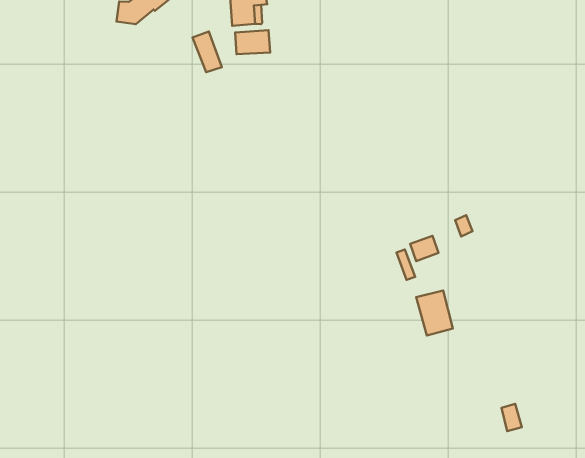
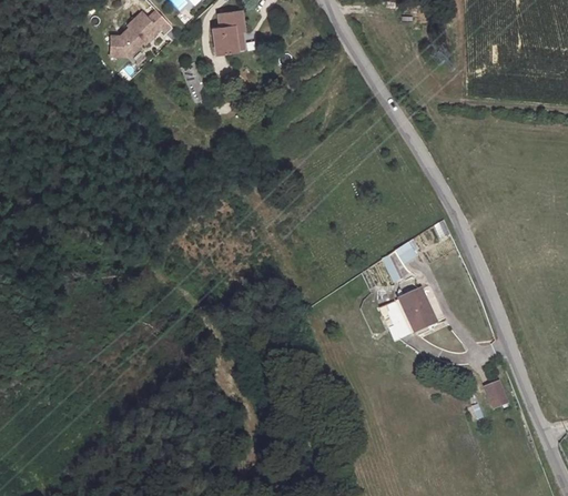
building: [235,30,270,54] -> none

